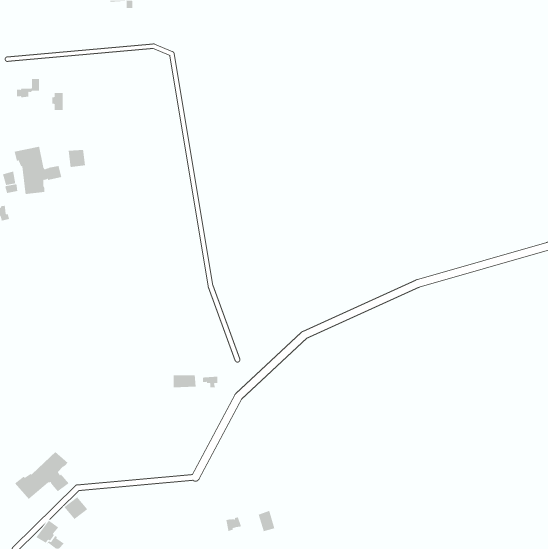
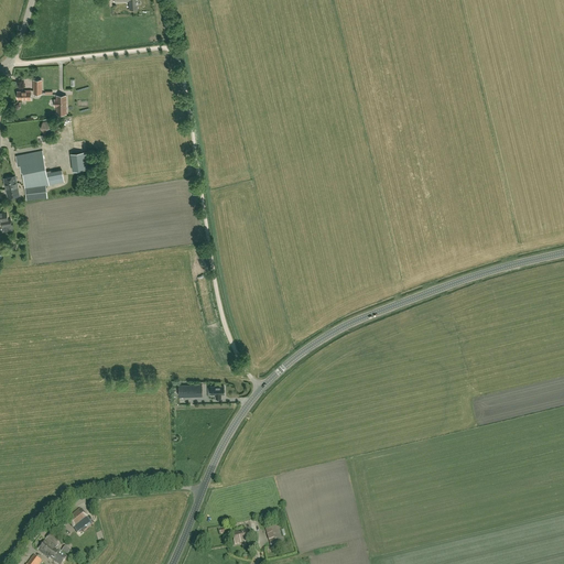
building: [14,451,69,500] -> none

